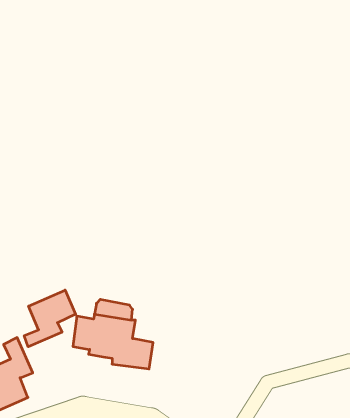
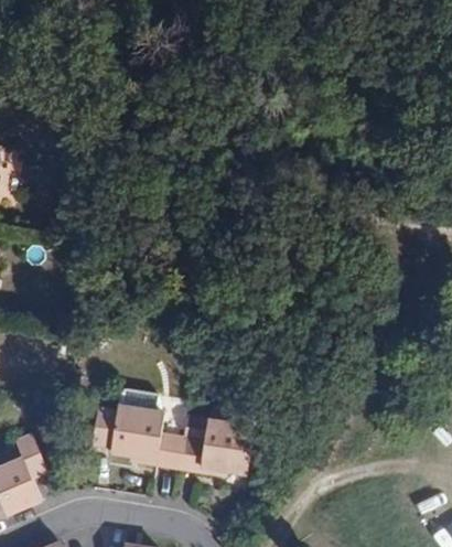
building: [24,290,76,347] -> none
building: none -> [177,417,252,475]

